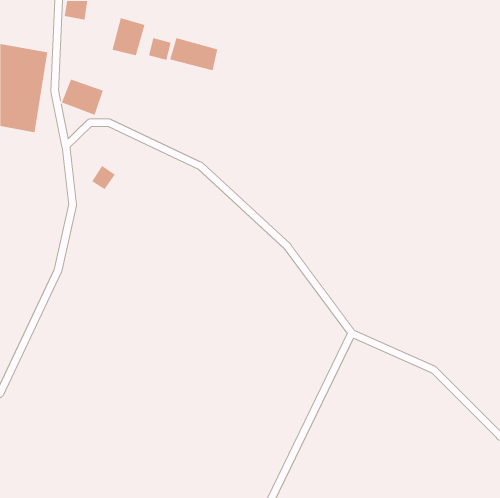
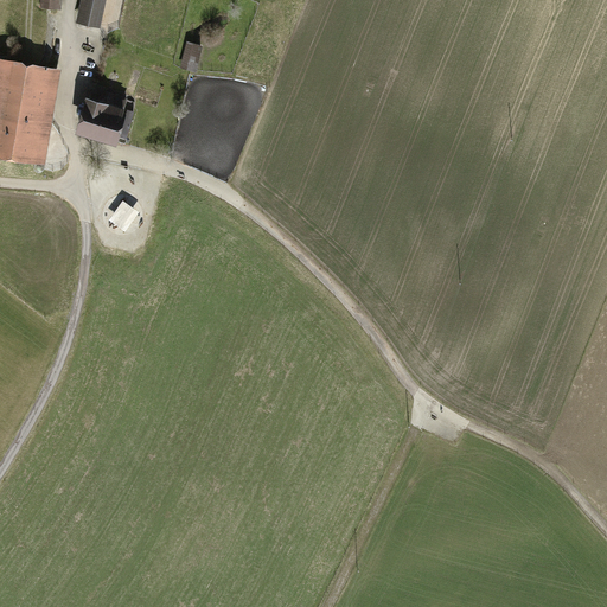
building: [111,17,145,56] -> none
building: [169,37,218,71] -> none

